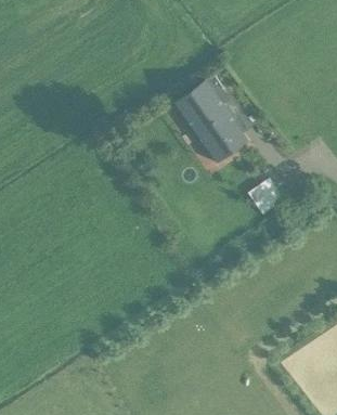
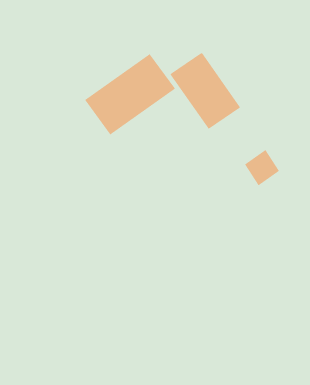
building: none -> [84,53,176,135]

